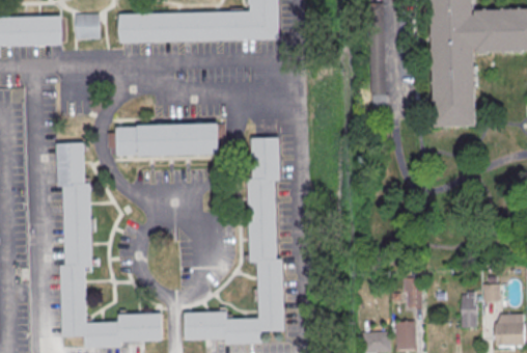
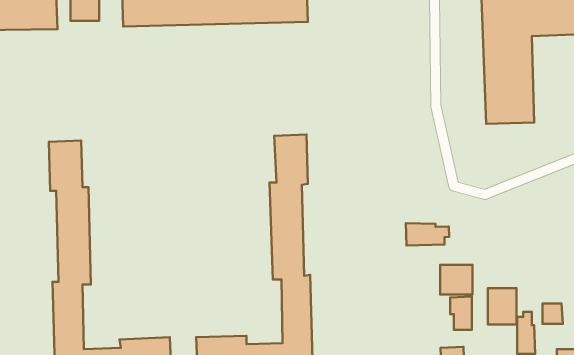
building: [116,123,227,157] -> none
building: none -> [406,223,449,246]
building: none -> [440,265,472,295]
building: none -> [488,288,516,324]

